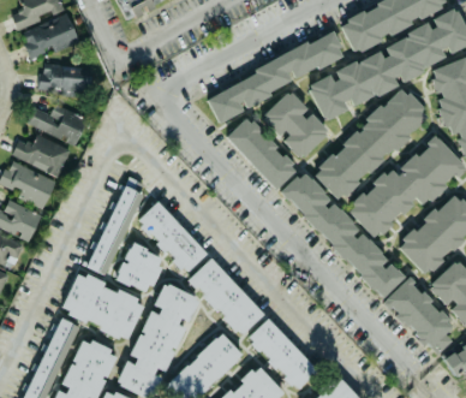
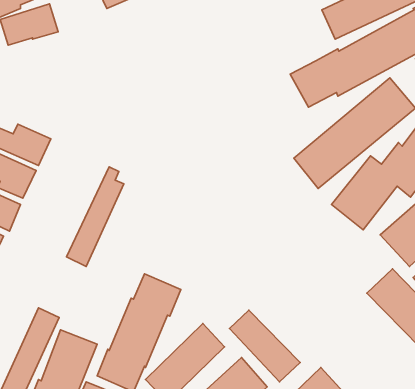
building: [204,31,343,123] -> none
building: [38,67,90,96] -> none
building: [262,90,330,159] -> none
building: [28,106,86,143] -> none
building: [227,115,295,190] -> none
building: [281,170,405,299] -> none
building: [136,201,207,273] -> none
building: [114,244,163,292] -> none
building: [189,257,264,335] -> none
building: [61,273,145,340] -> none

